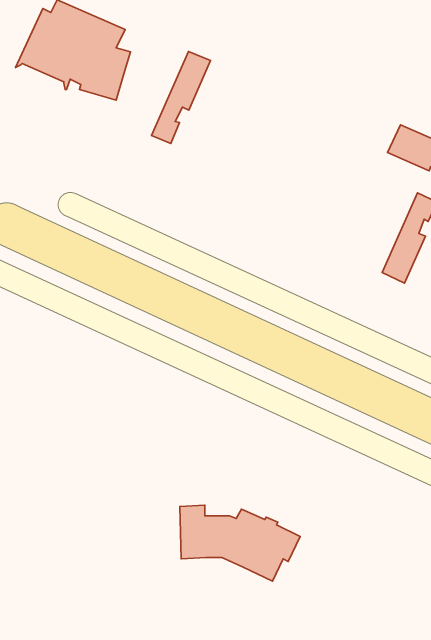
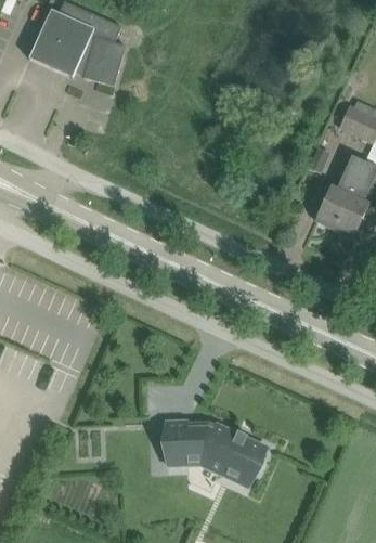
building: [151,51,211,144] -> none
building: none -> [315,155,363,229]

